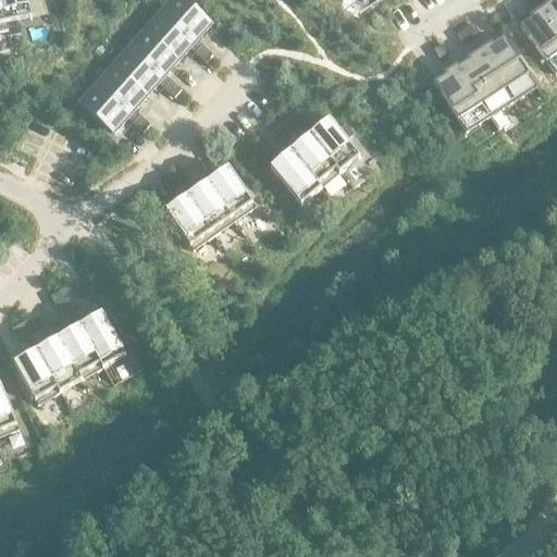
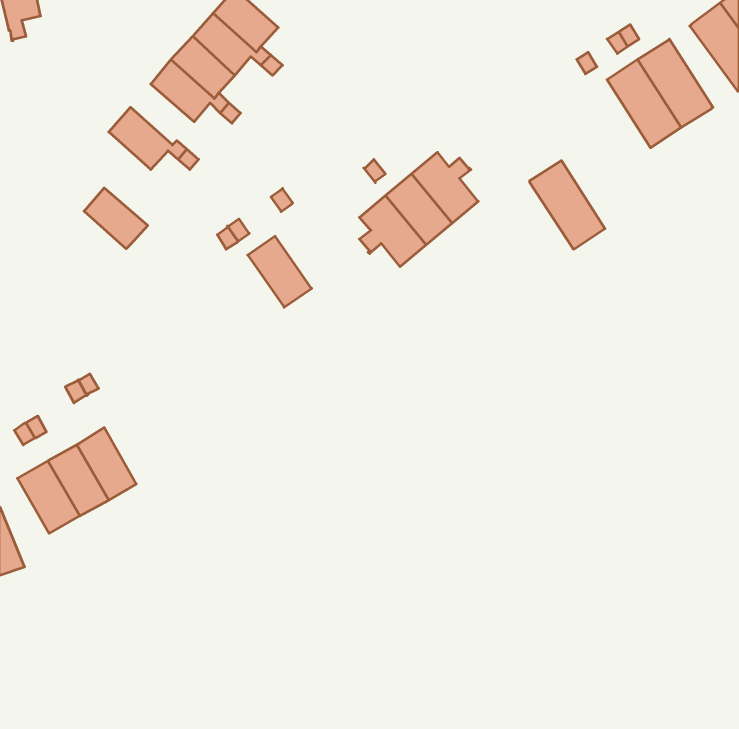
building: [432,60,488,126] -> [530,161,605,249]
building: [98,63,146,109] -> [84,188,148,249]
building: [207,162,256,216] -> none
building: [165,191,213,246] -> none
building: [78,308,125,363] -> none

